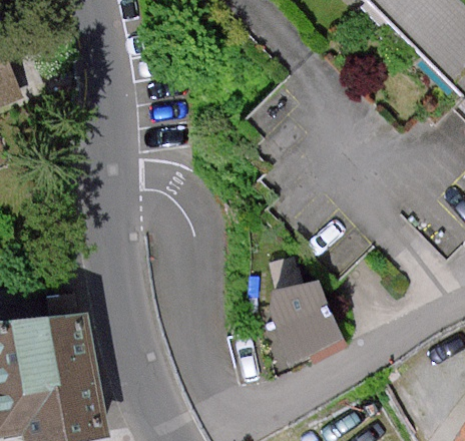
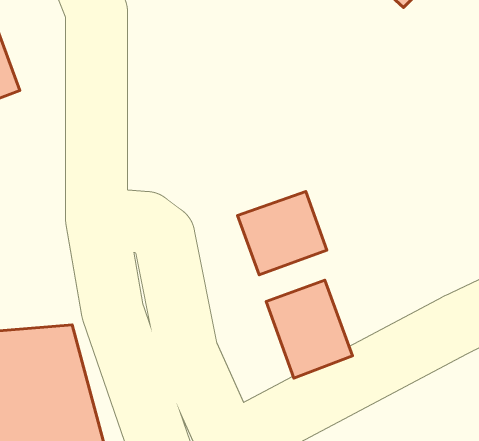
building: none -> [237,191,327,275]

